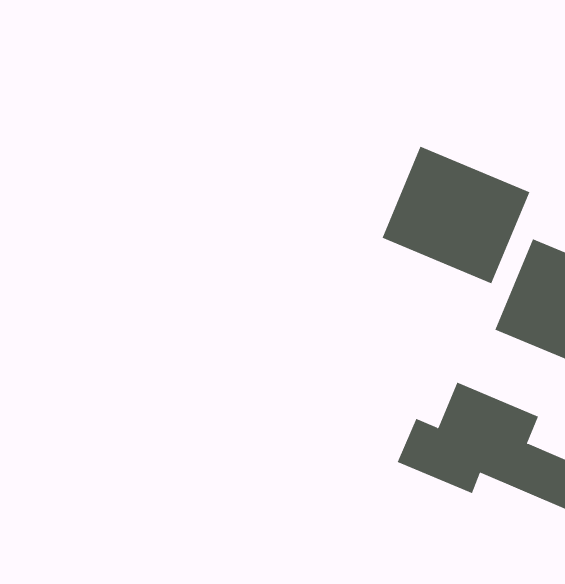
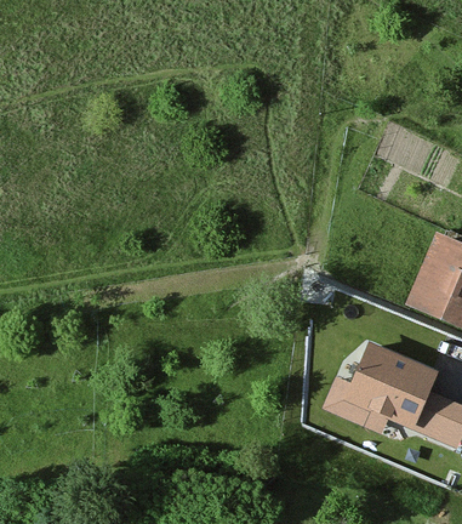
building: [382,146,530,284] -> none

